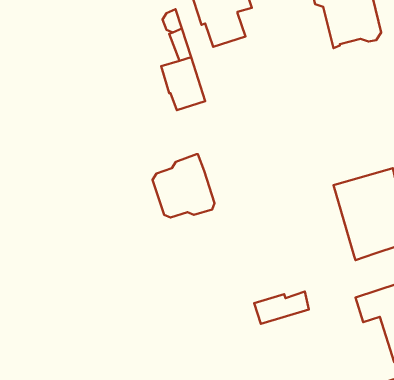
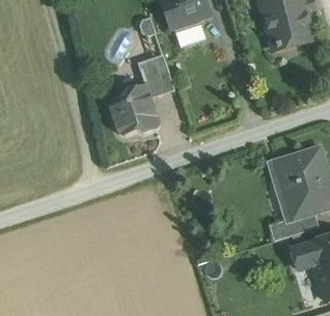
building: [153,154,215,217] -> [109,84,159,135]
building: [254,292,309,324] -> [269,212,312,238]

